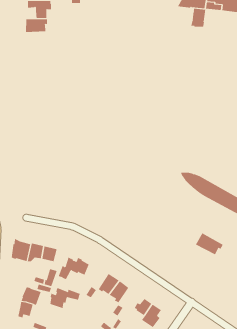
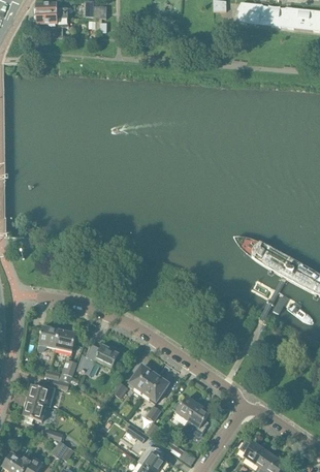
building: [191,8,206,27] -> none
building: [26,19,48,33] -> none
building: [195,232,223,255] -> none
building: [11,238,31,262] -> none
building: [50,287,82,309] -> none

